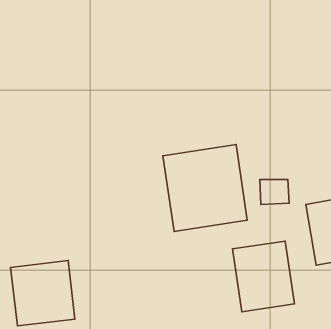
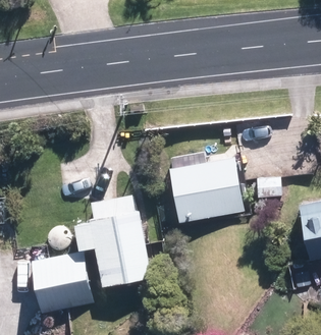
building: none -> [77,194,150,283]
building: [232,241,294,312] -> none

